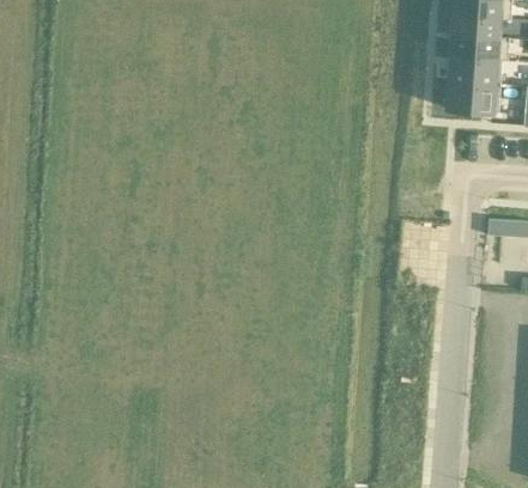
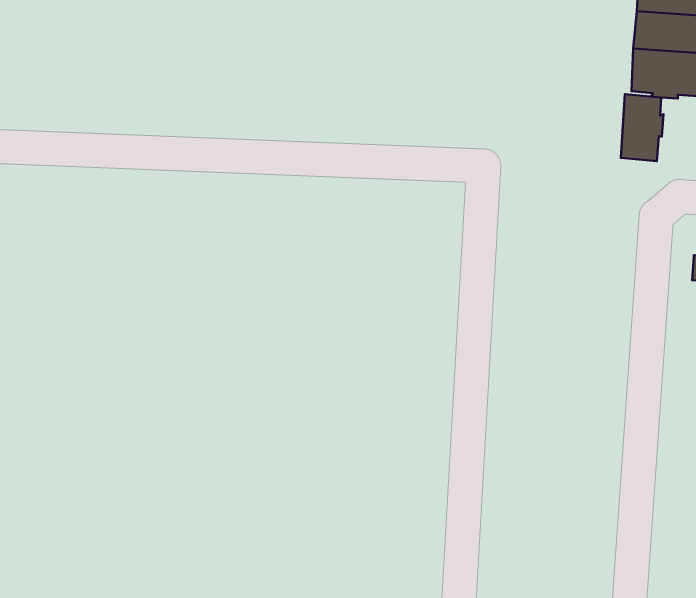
building: none -> [621,94,663,161]

